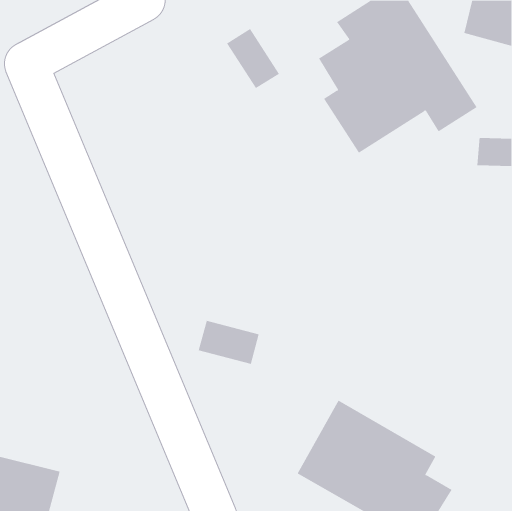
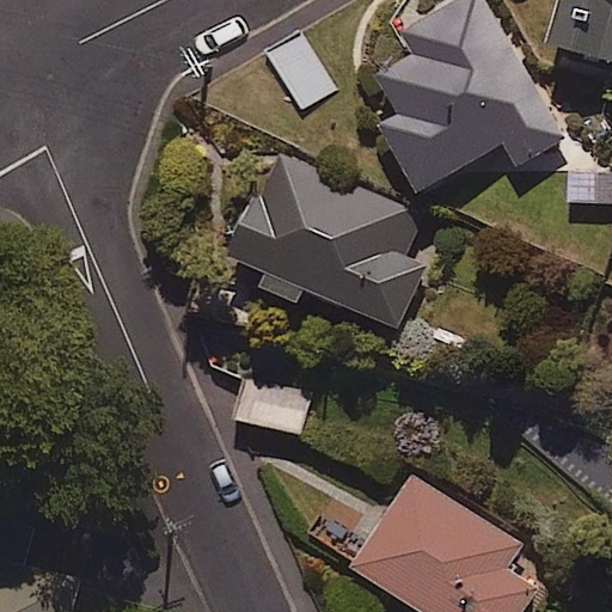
building: none -> [232,154,424,326]

